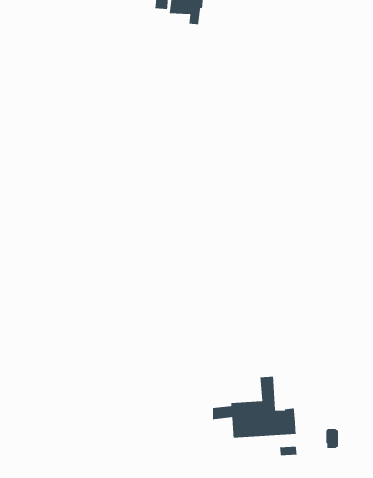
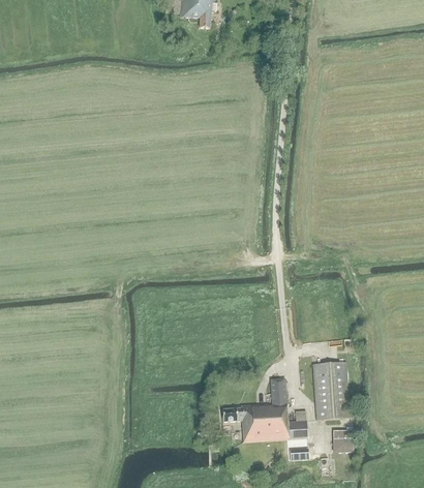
building: none -> [312,363,350,421]

